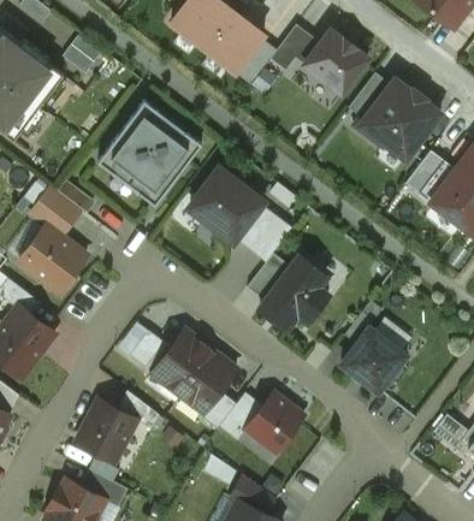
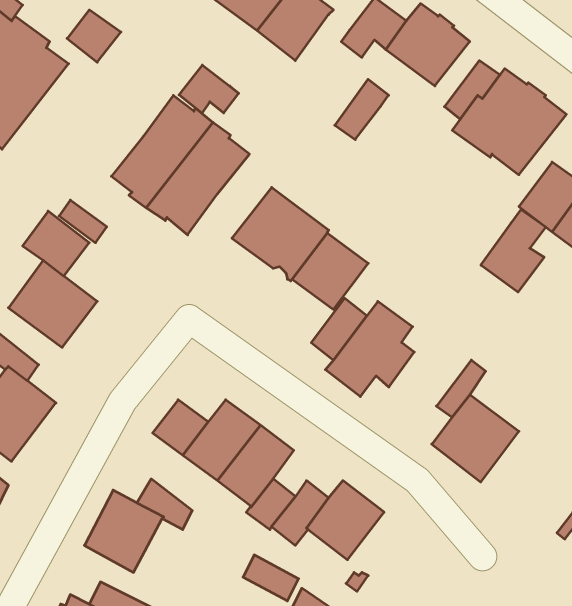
building: [236,39,277,84] -> [335,79,389,140]
building: none -> [179,65,239,113]
building: none -> [481,210,546,292]

